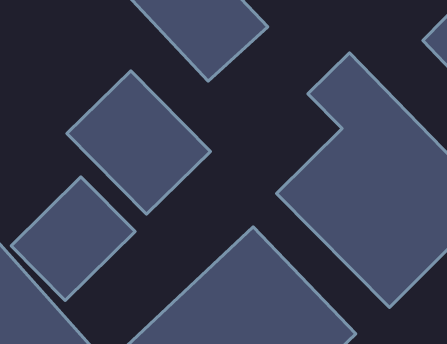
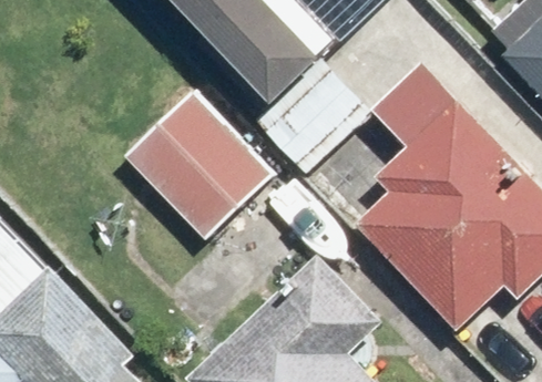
building: [11,177,135,300] -> none

